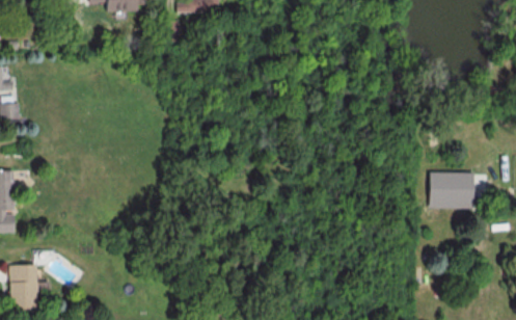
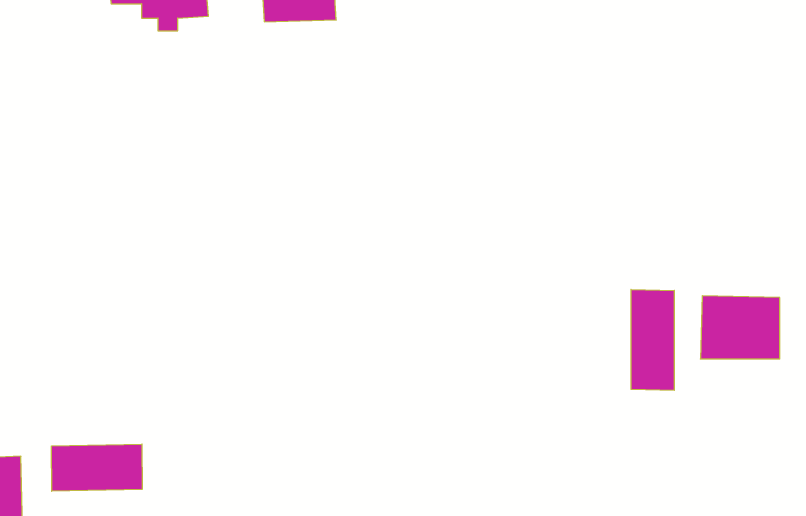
building: none -> [631,289,674,390]
building: none -> [52,444,142,491]

